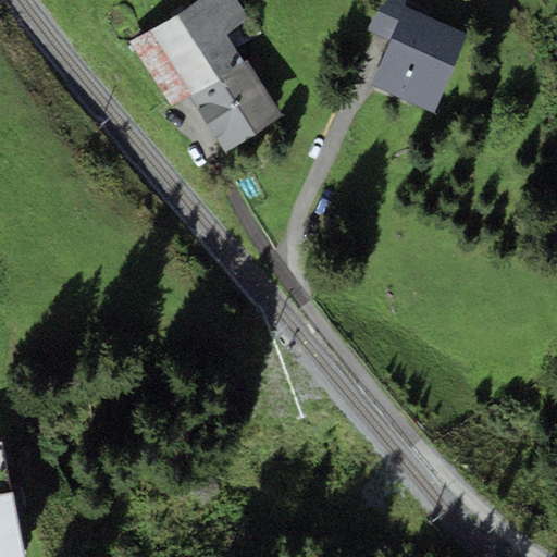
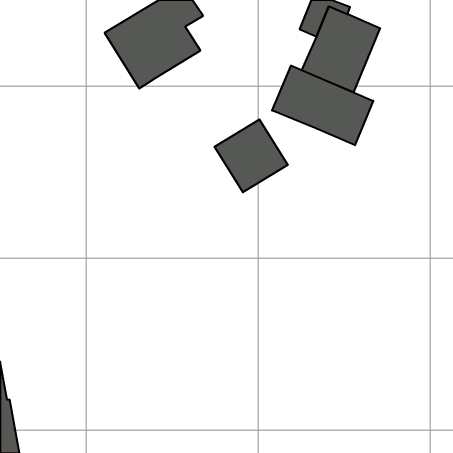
building: [190,62,281,151] -> [214,120,288,192]
building: none -> [272,66,373,145]

